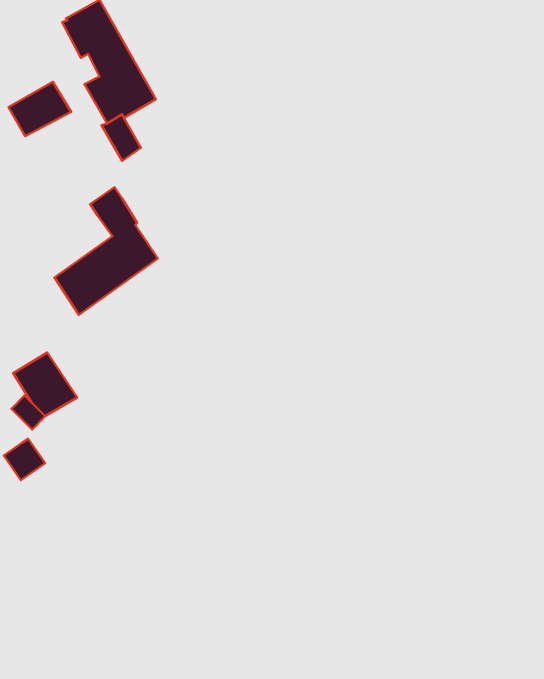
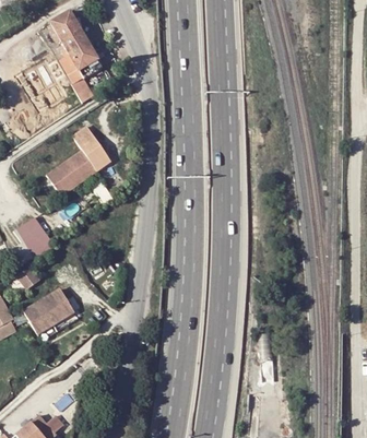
building: [8,82,71,136] -> none
building: none -> [24,287,74,341]

